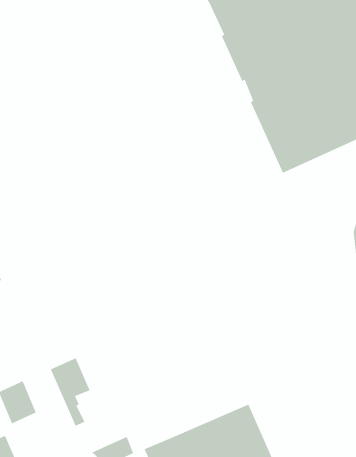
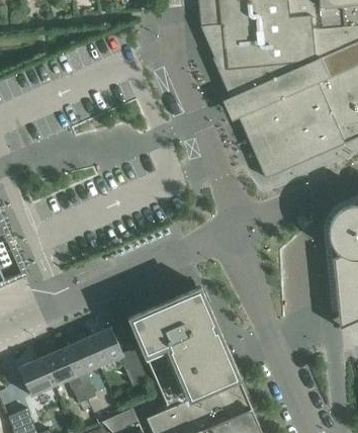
building: none -> [130,289,239,410]
building: none -> [88,329,147,387]
building: none -> [41,349,87,403]

